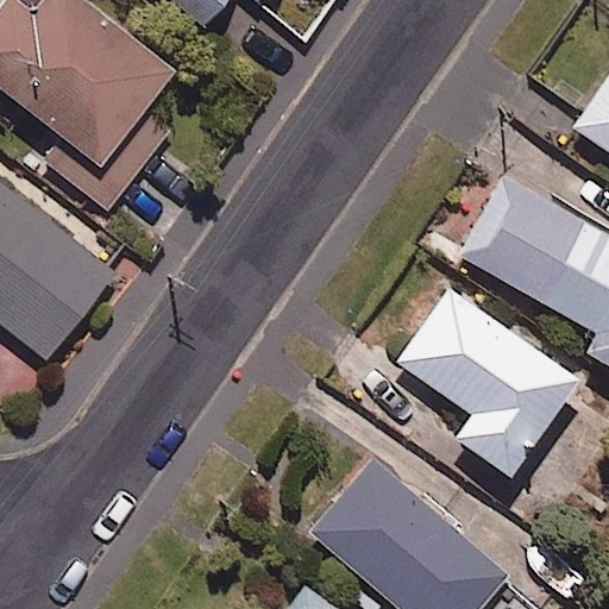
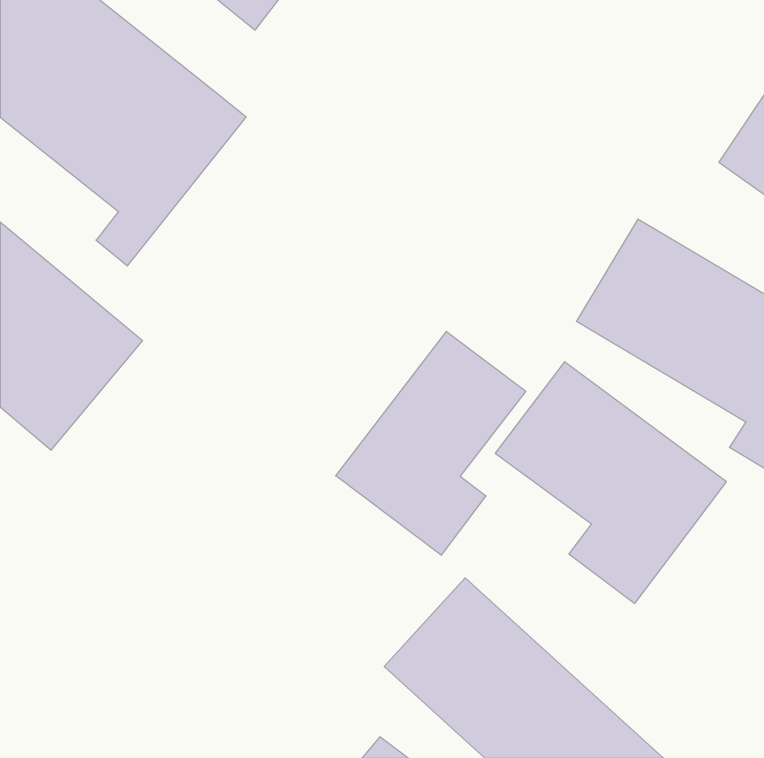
building: none -> [336,331,526,555]

